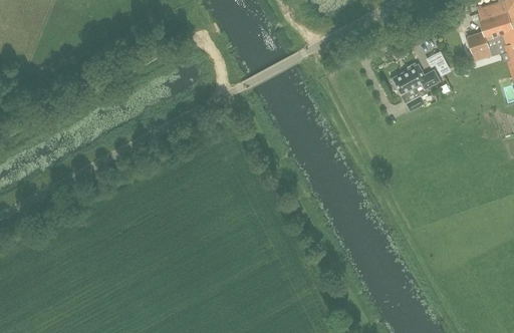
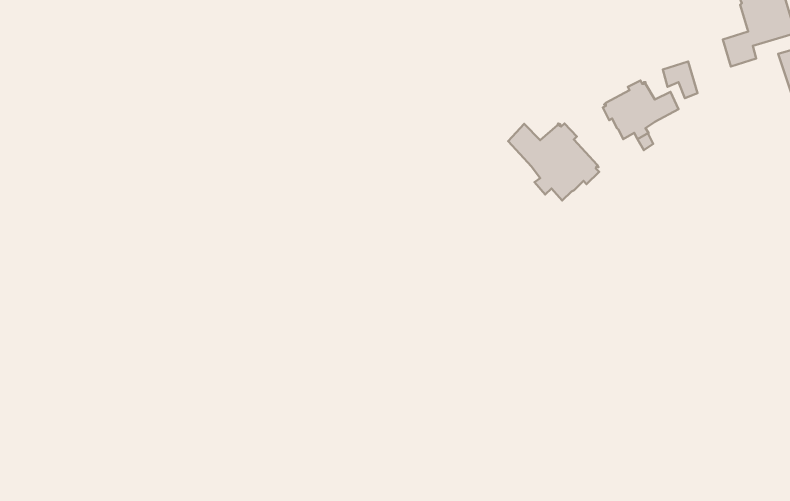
building: none -> [508,123,599,201]

